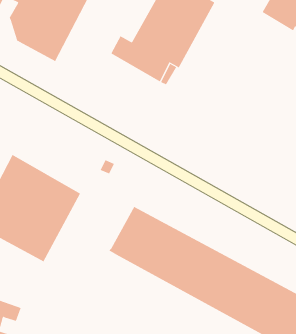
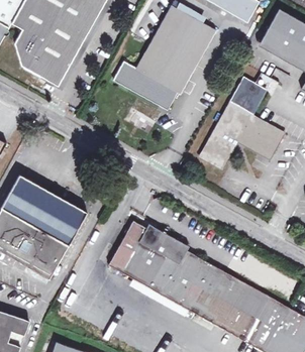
building: none -> [197,79,281,169]

